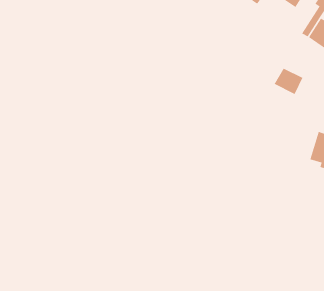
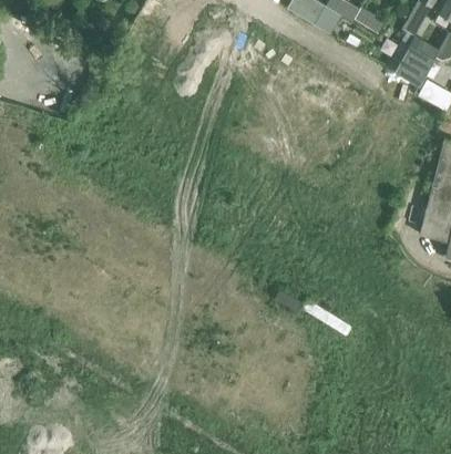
building: [274,68,303,95] -> none

